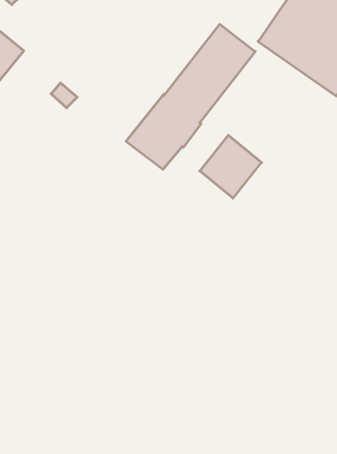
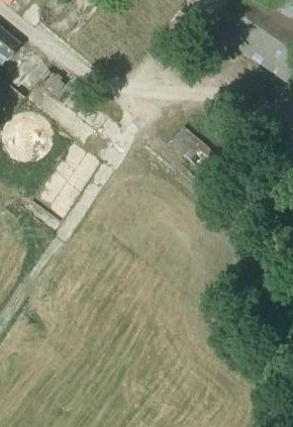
building: [126,24,255,169] -> none

